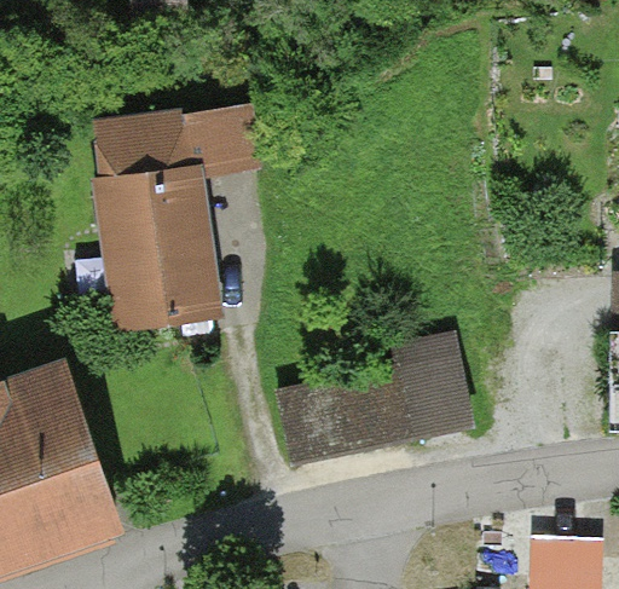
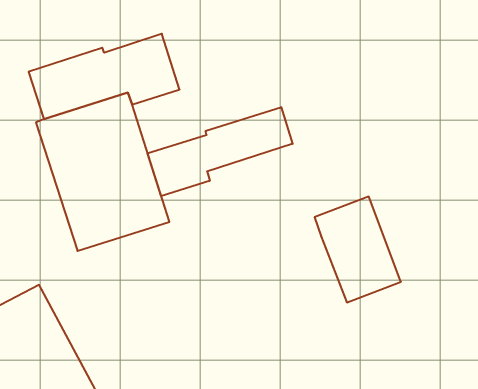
building: none -> [148,107,293,196]
building: [274,363,410,468] -> none

